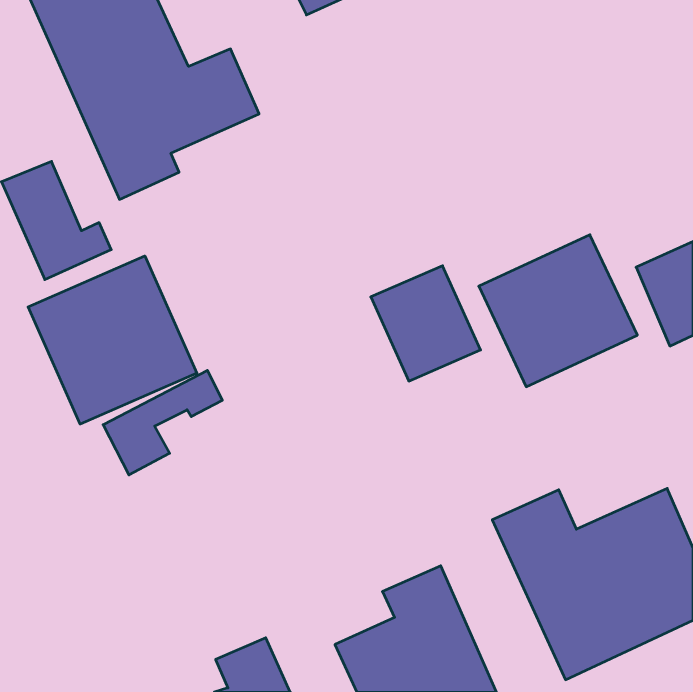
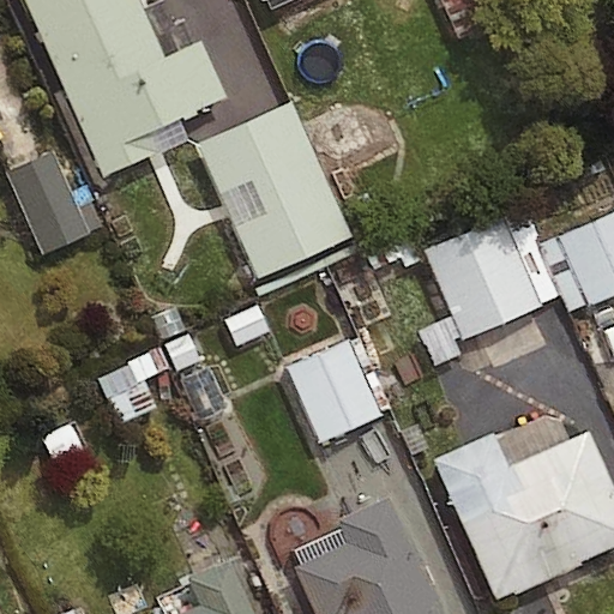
building: none -> [192,96,342,270]
building: [28,256,197,424] -> none
building: [371,266,481,381] -> [287,342,384,444]

